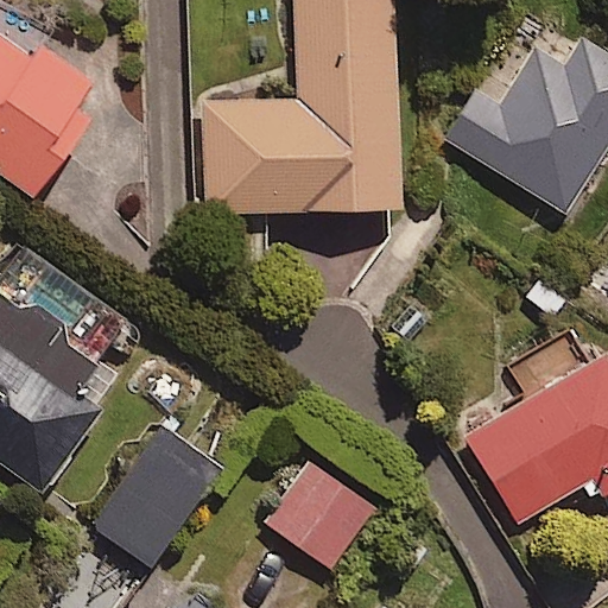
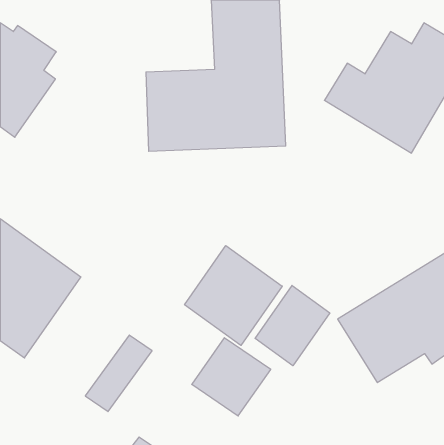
building: none -> [185,246,282,345]
building: none -> [255,285,330,366]

